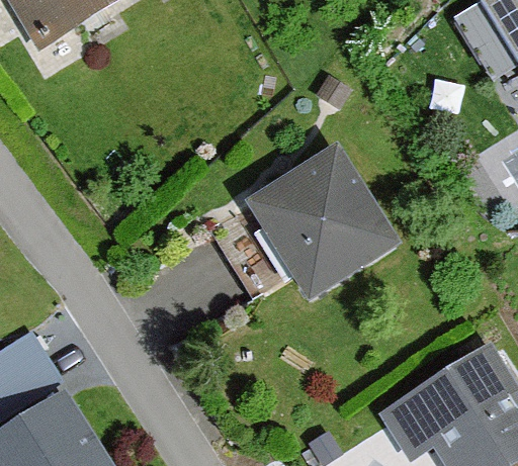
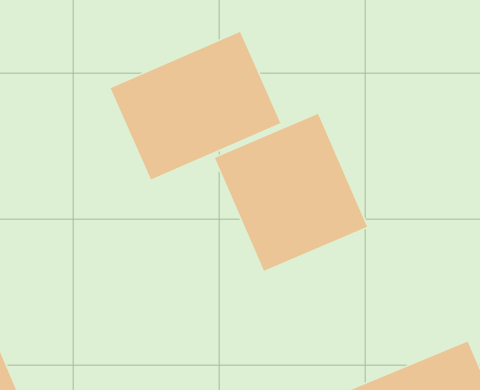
building: none -> [110,31,282,180]

